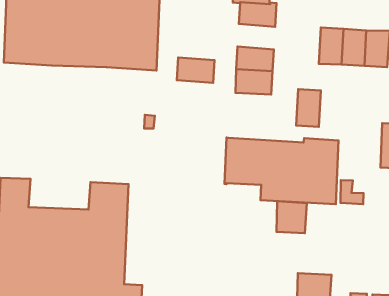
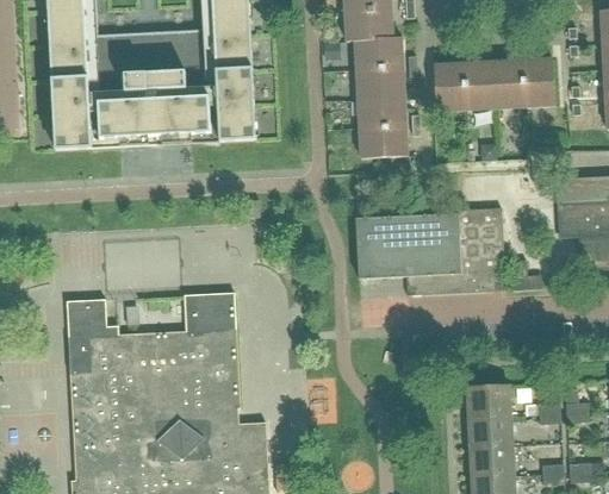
building: [177,57,214,83] -> [356,67,405,98]
building: [296,89,321,127] -> [434,62,466,111]
building: [277,201,307,233] -> none

